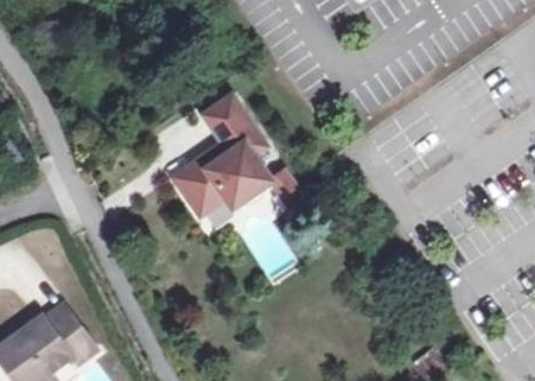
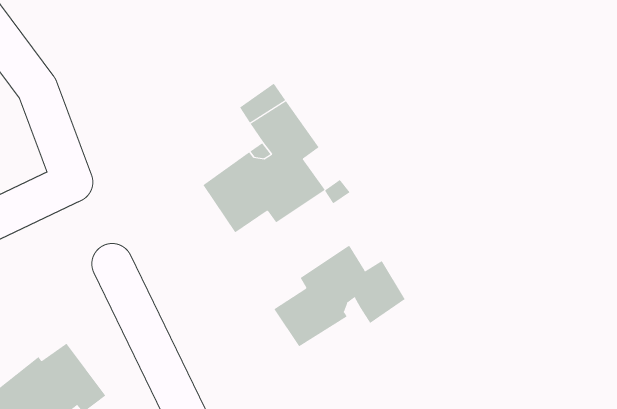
building: none -> [274,245,405,347]

